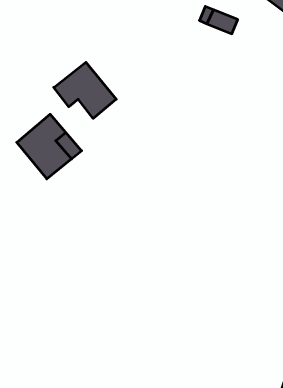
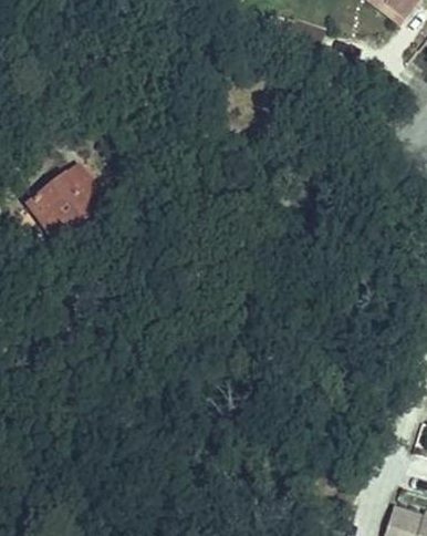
building: [54,62,116,118] -> none

